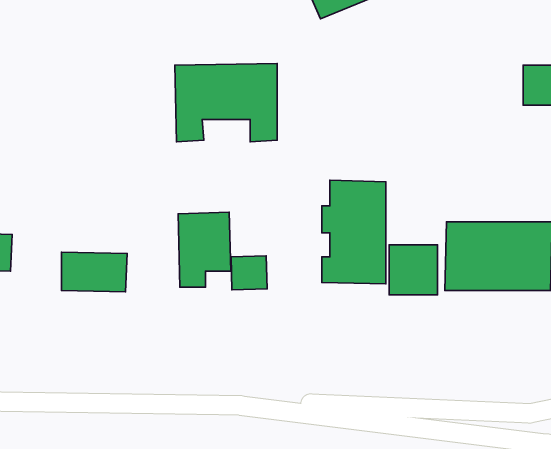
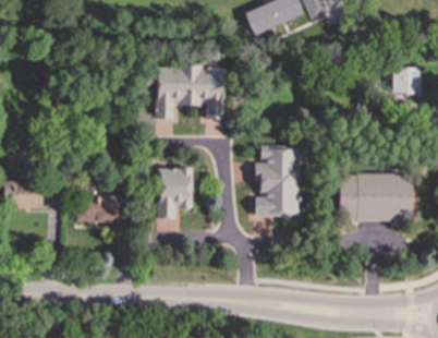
building: [389,245,438,295] -> none
building: [231,256,267,290] -> none

